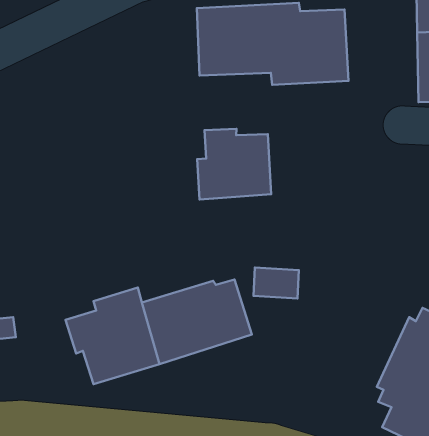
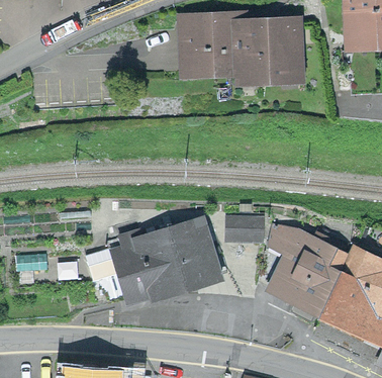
building: [197,129,271,200] -> none
building: none -> [261,221,345,318]

